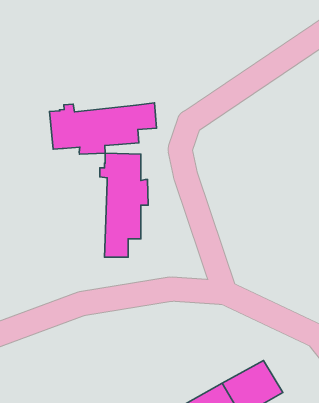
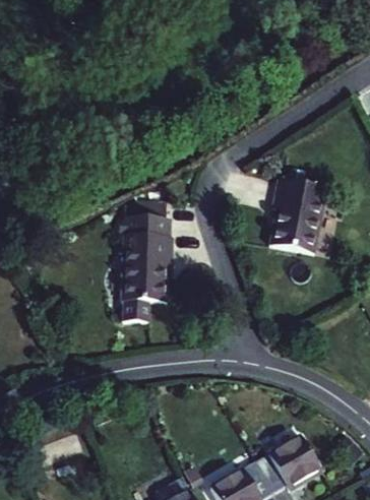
building: [50,103,156,154] -> none
building: none -> [270,178,323,250]

